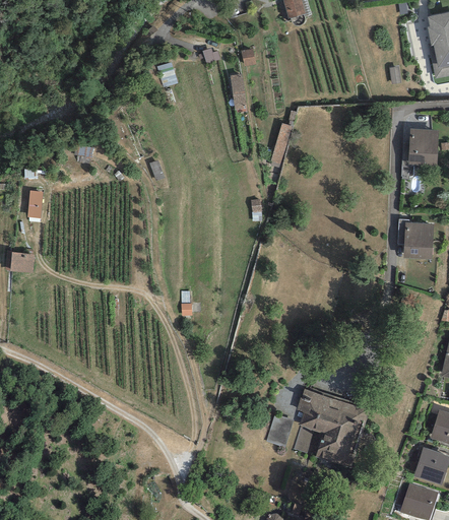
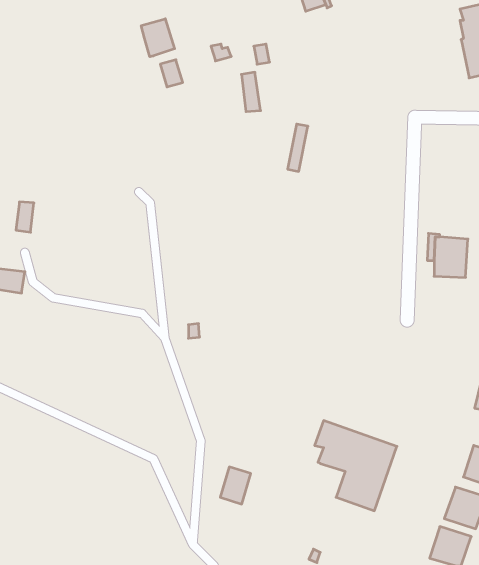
building: none -> [141,19,175,57]
building: [408,128,438,166] -> none
building: [265,413,293,447] -> [220,467,251,504]
building: [293,426,323,456] -> none

